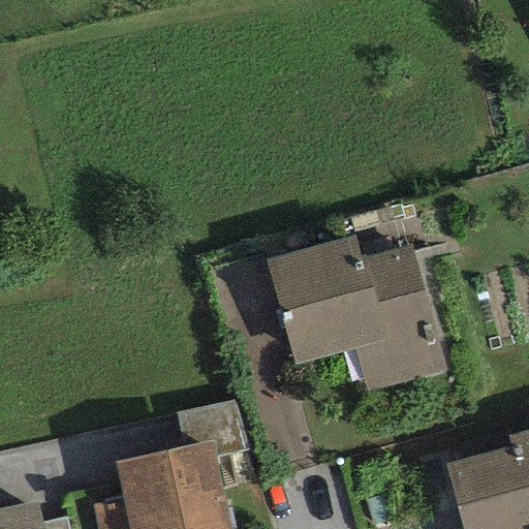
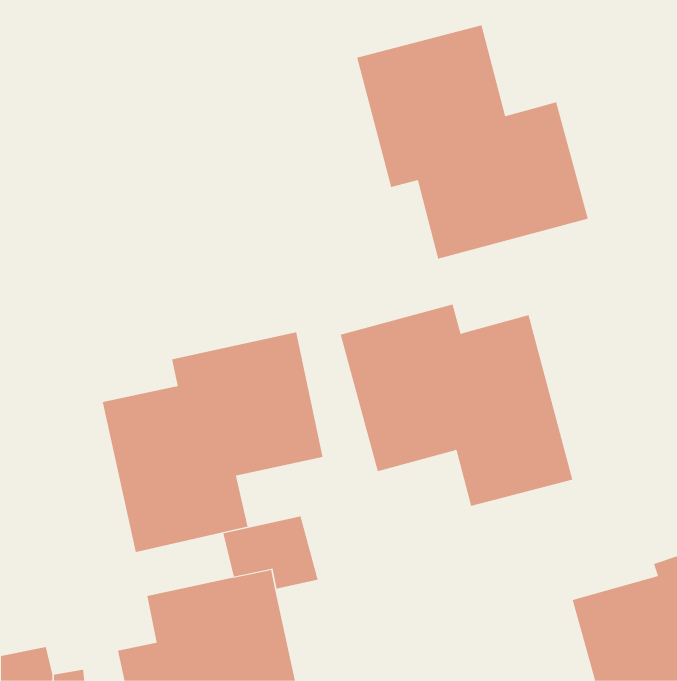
building: none -> [356,25,588,259]
building: none -> [102,332,323,553]

